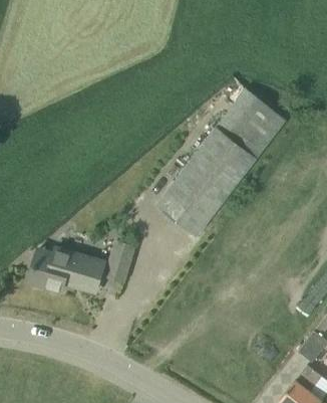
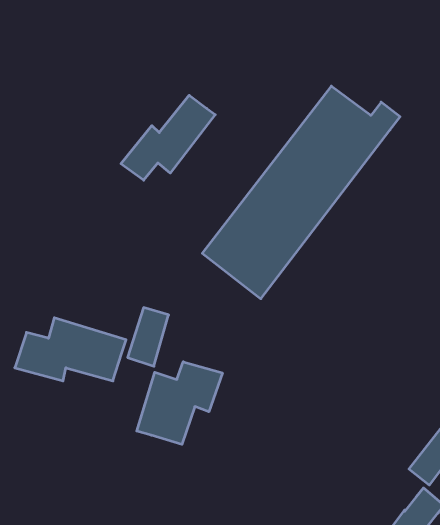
building: none -> [121,95,215,180]
building: none -> [137,362,222,444]

